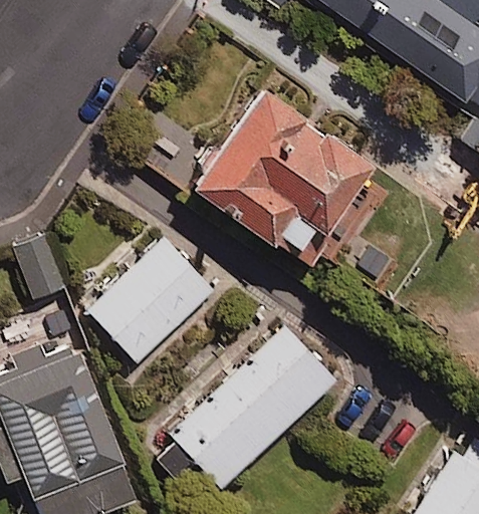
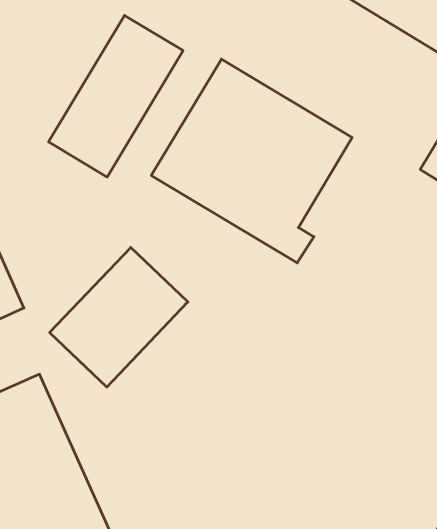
building: none -> [49,15,183,177]
building: [161,327,333,486] -> none

